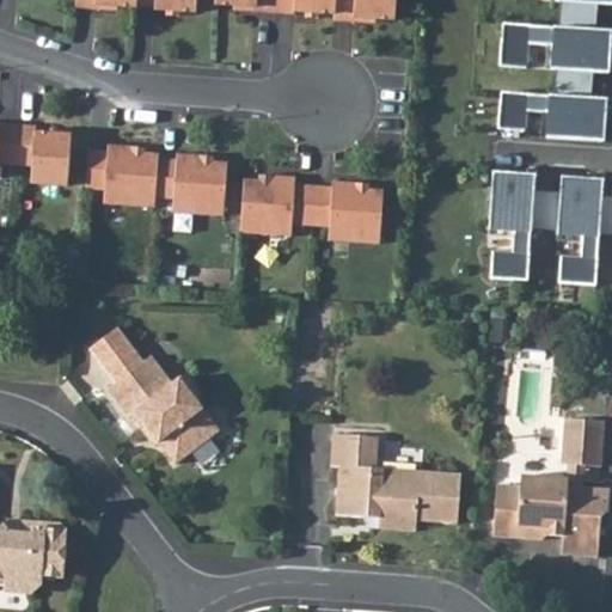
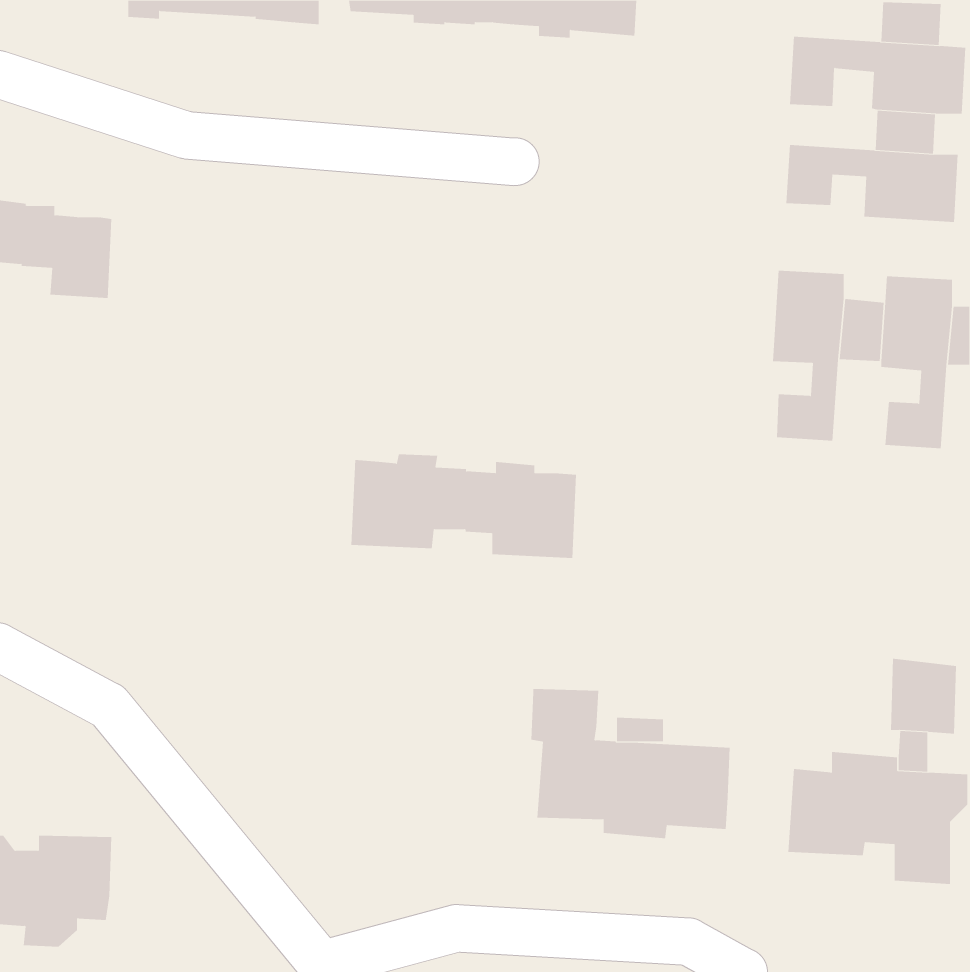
building: [86,146,228,214] -> none
building: [243,173,385,239] -> [351,454,577,558]
building: [91,326,219,457] -> none

